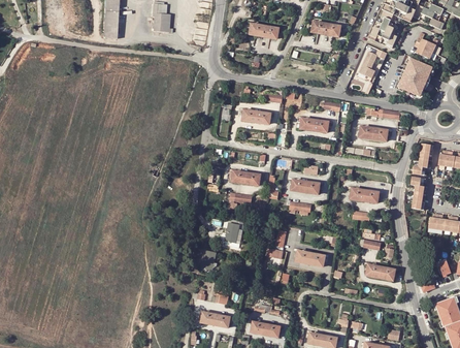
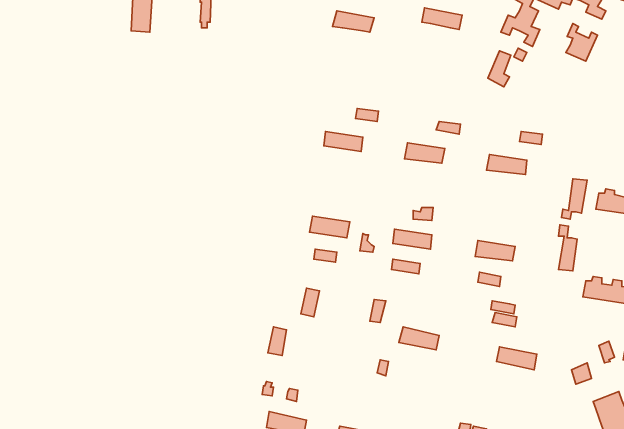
building: [398,58,432,96] -> none

